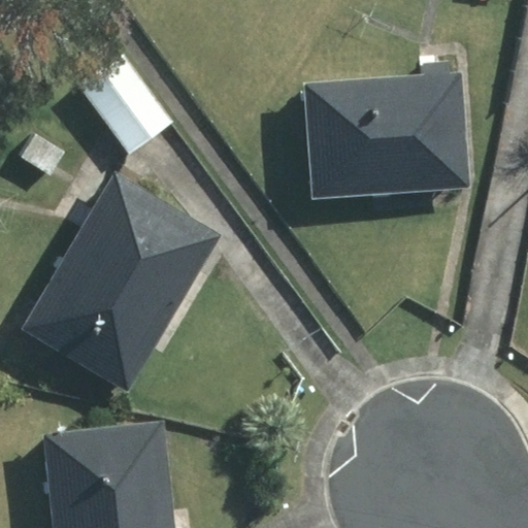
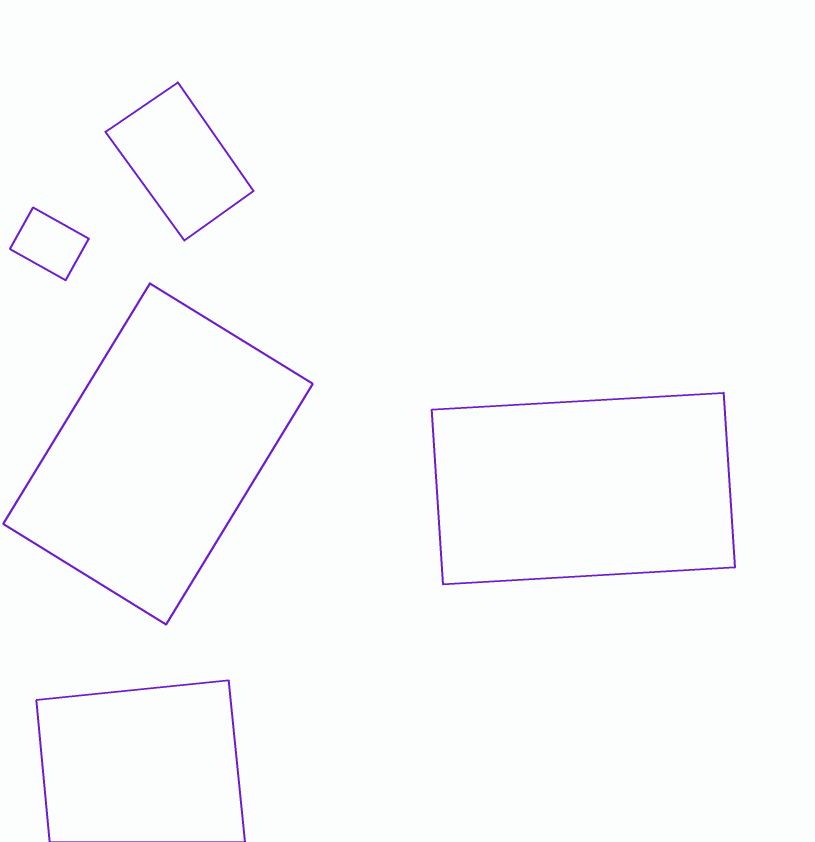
building: [299,63,466,196] -> none
building: none -> [432,393,735,584]

